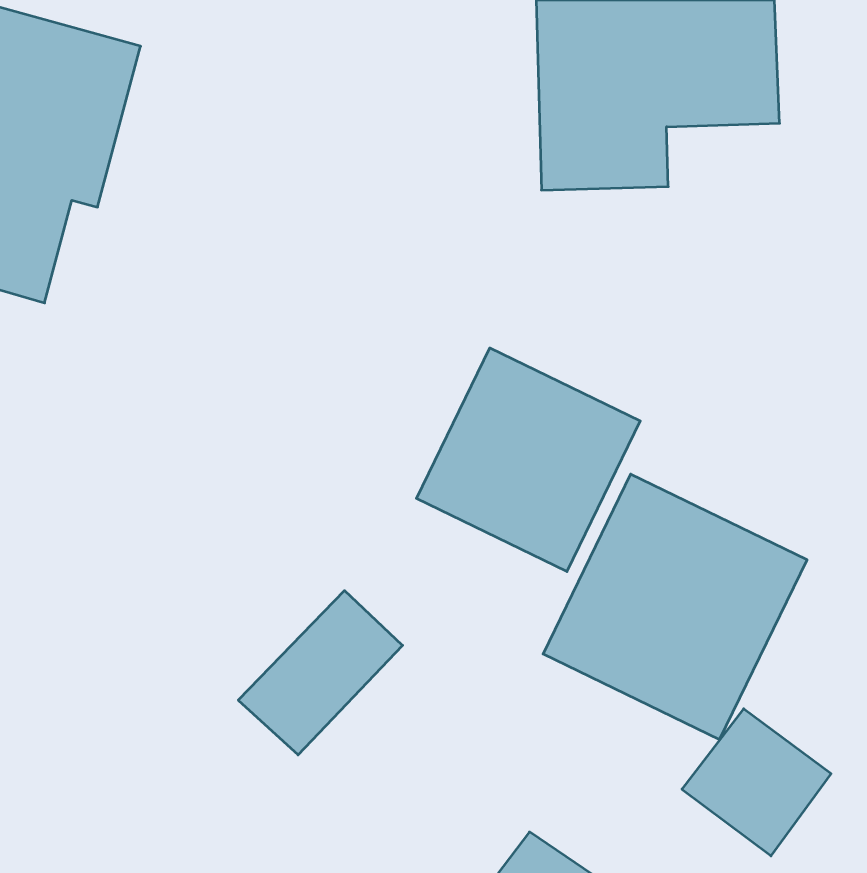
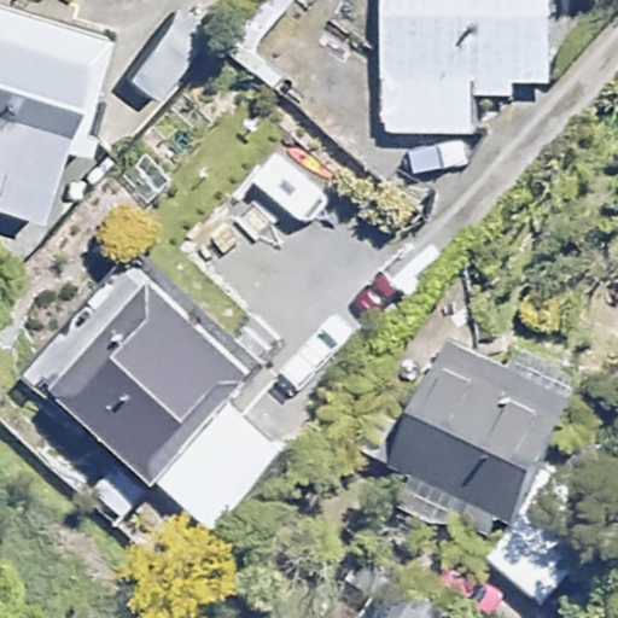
building: [416,348,640,572] -> none
building: none -> [34,263,253,483]

